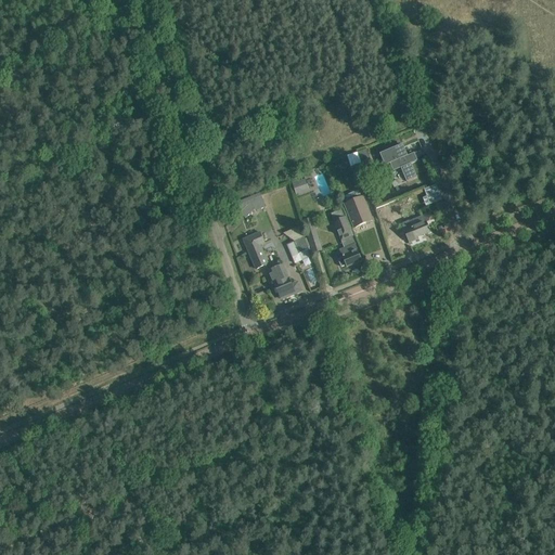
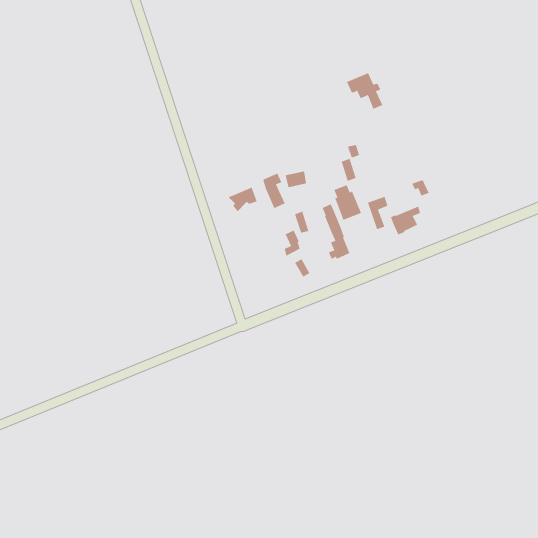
building: [378,143,416,181] -> [346,72,383,109]
building: [243,232,267,269] -> [262,173,285,209]
building: [270,266,300,298] -> none

